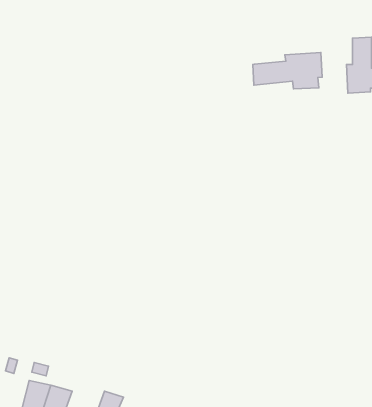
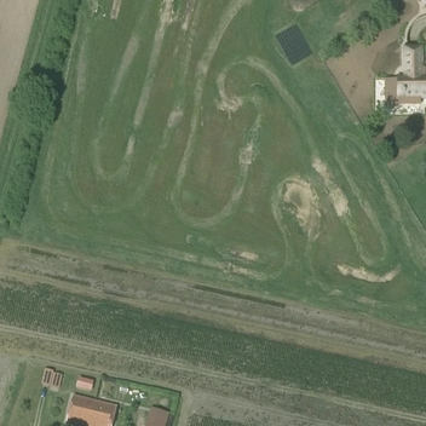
building: [253,52,322,89] -> none

